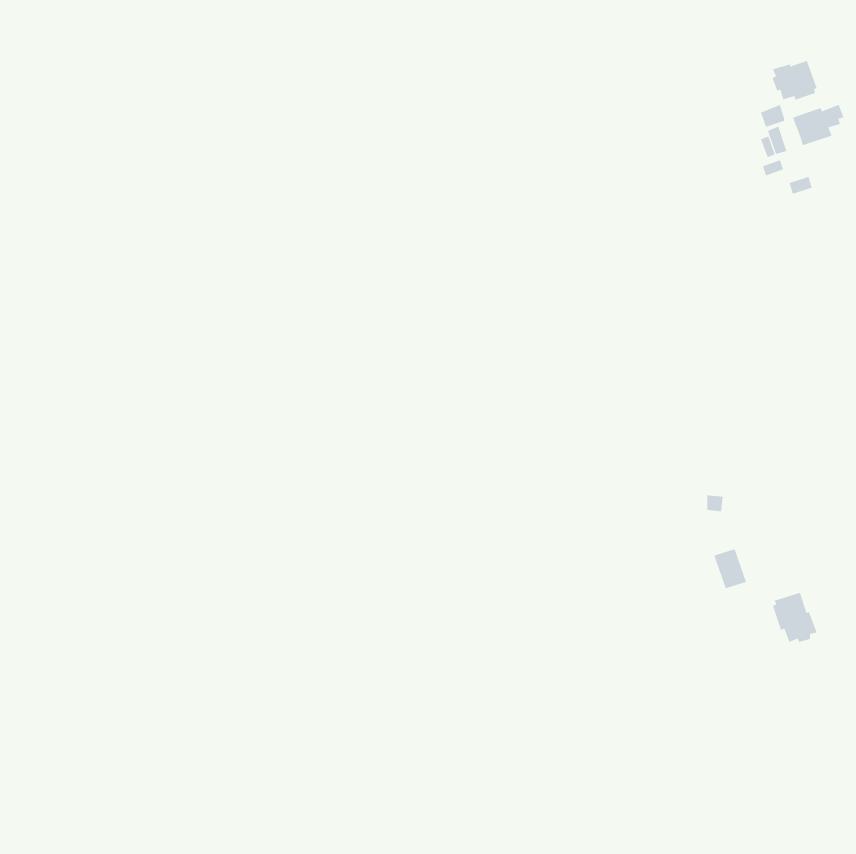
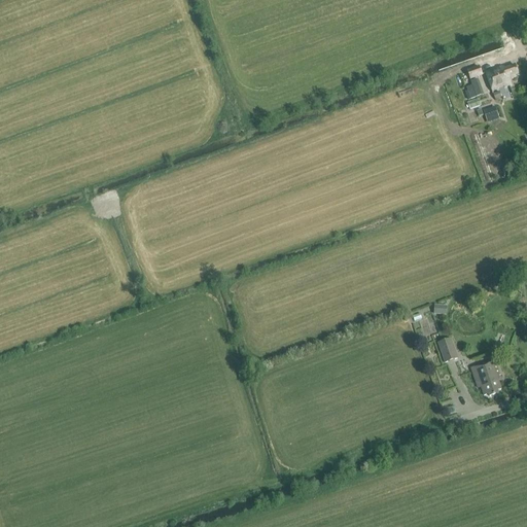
building: [772,60,818,101] -> none

